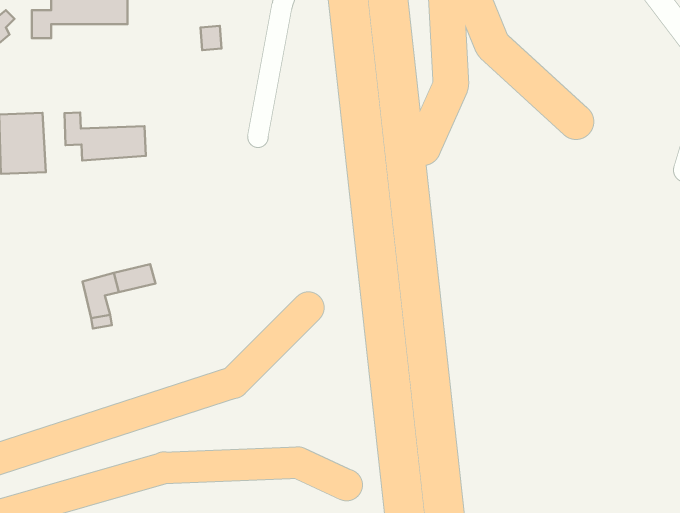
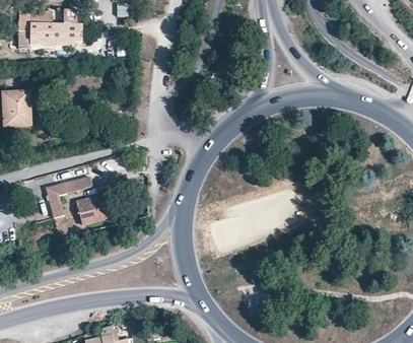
building: [64,113,146,160] -> none
building: none -> [77,195,112,223]

